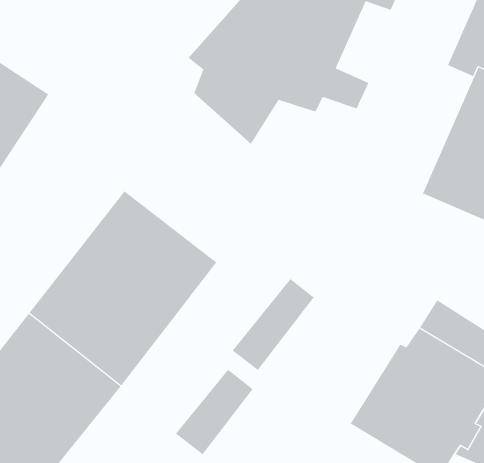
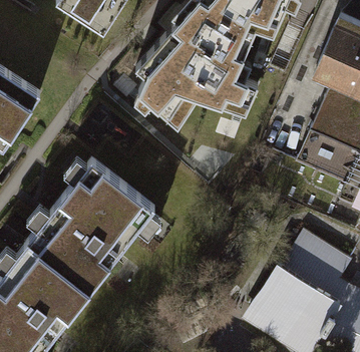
building: [232,278,314,371] -> none
building: [175,369,253,455] -> none

